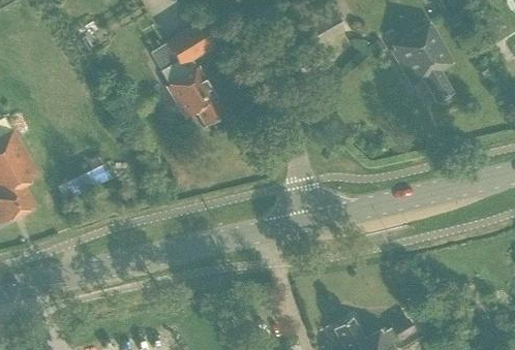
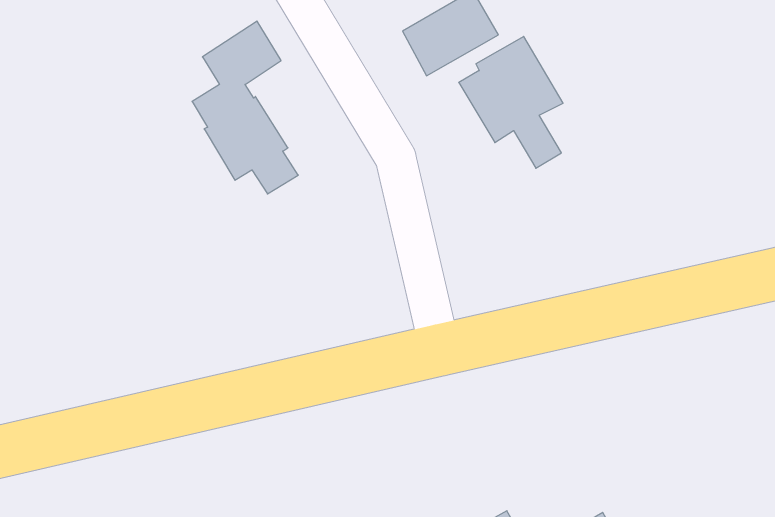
building: [392,24,455,103] -> [459,36,563,168]

